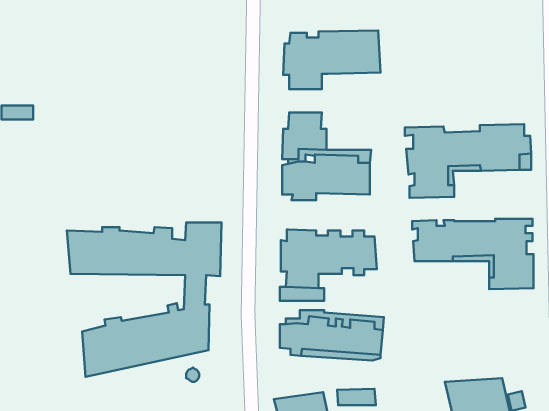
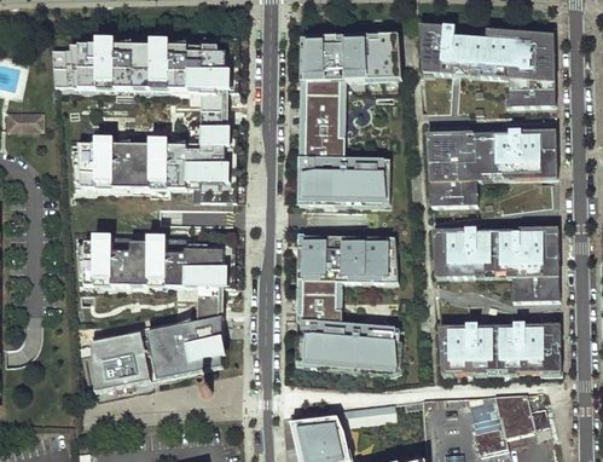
building: none -> [419,24,553,105]
building: none -> [52,35,238,201]
building: none -> [300,93,346,117]
building: none -> [301,312,342,330]
building: none -> [439,323,561,373]

